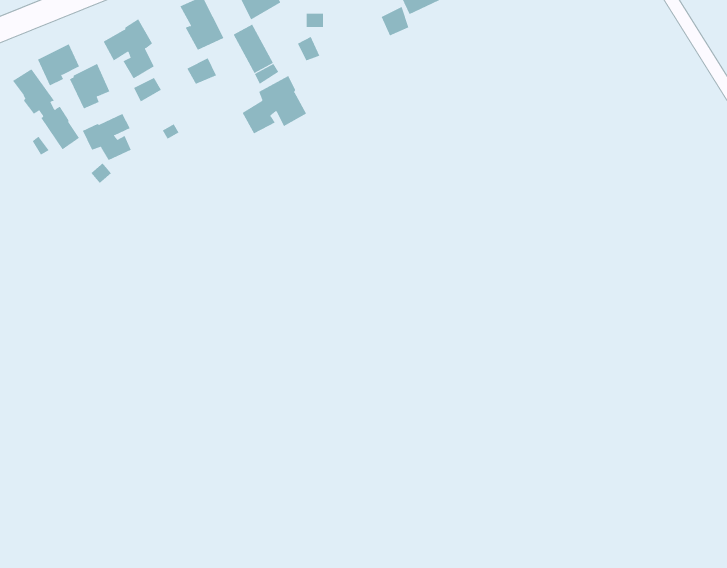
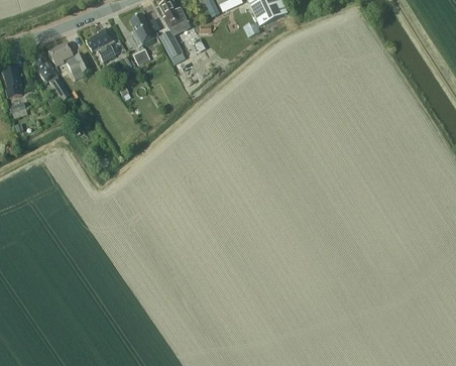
building: [242,75,307,134] -> none
building: [82,113,132,161] -> none

